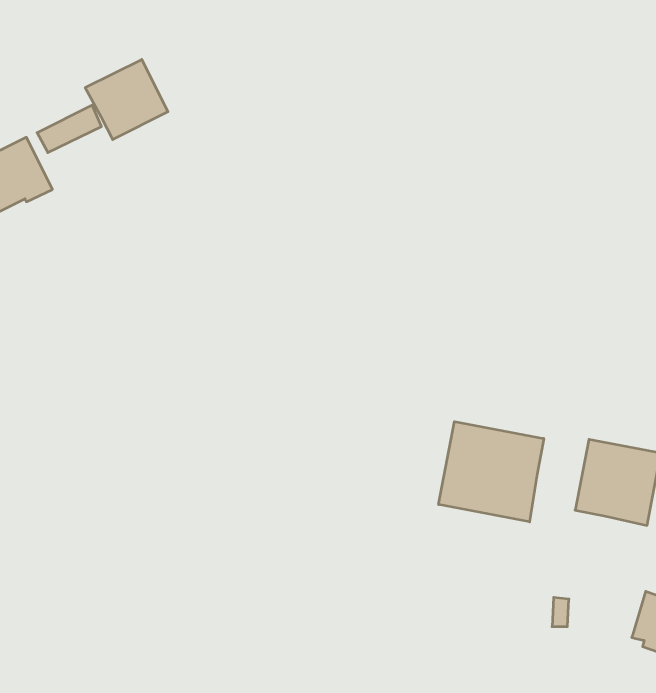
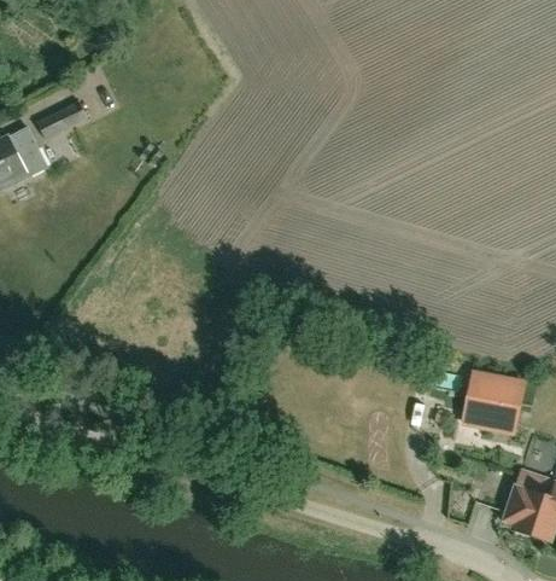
building: [85,59,168,140] -> none
building: [439,422,544,522] -> none

